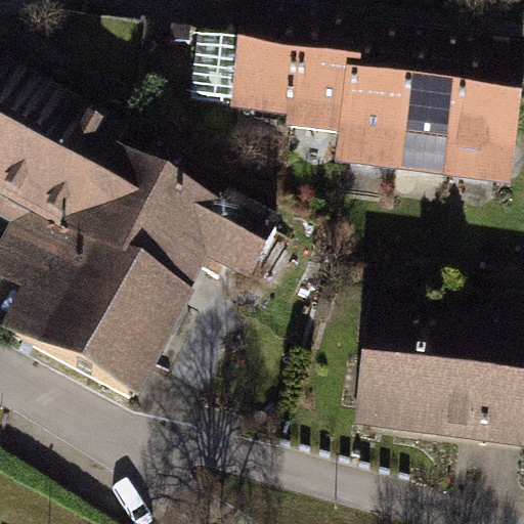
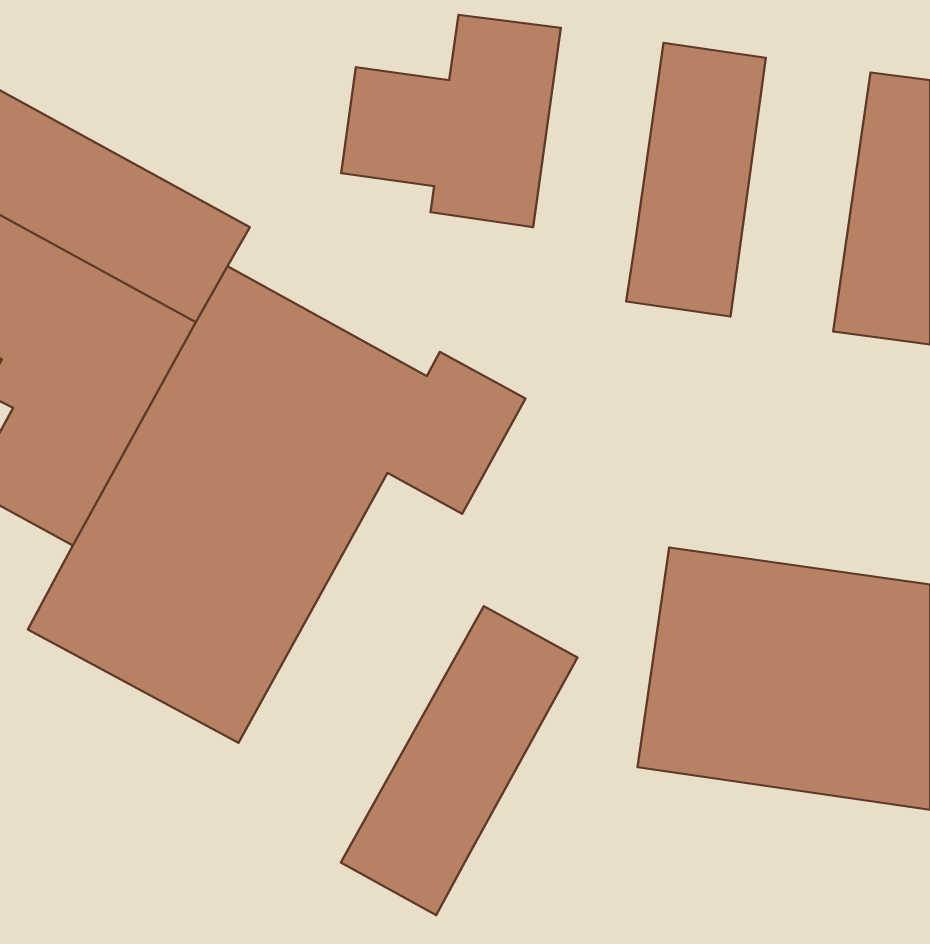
building: [293,15,364,132] -> none
building: [401,32,478,182] -> none
building: none -> [341,606,578,915]

